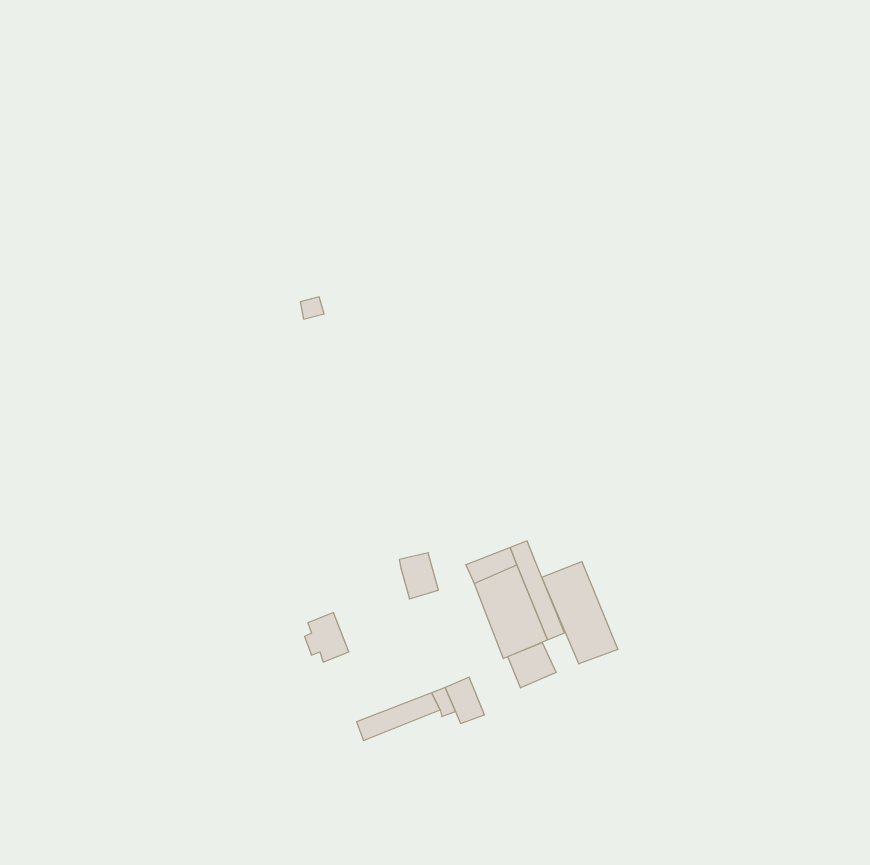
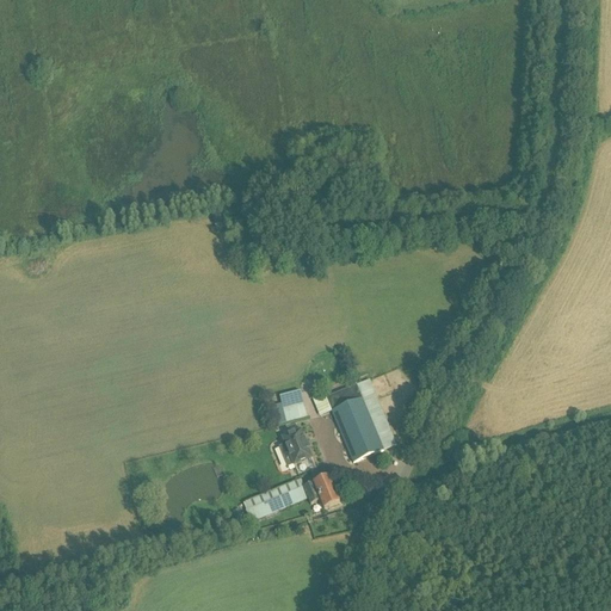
building: [542,562,618,664] -> none
building: [305,613,349,662] -> [279,427,310,462]
building: [508,643,556,688] -> none

